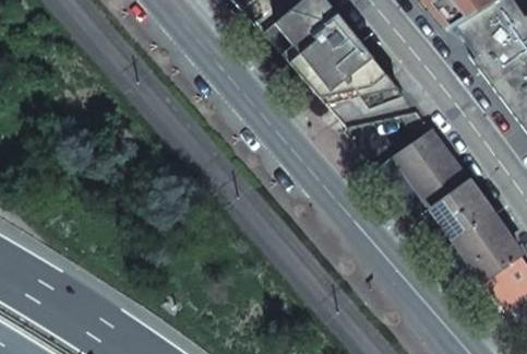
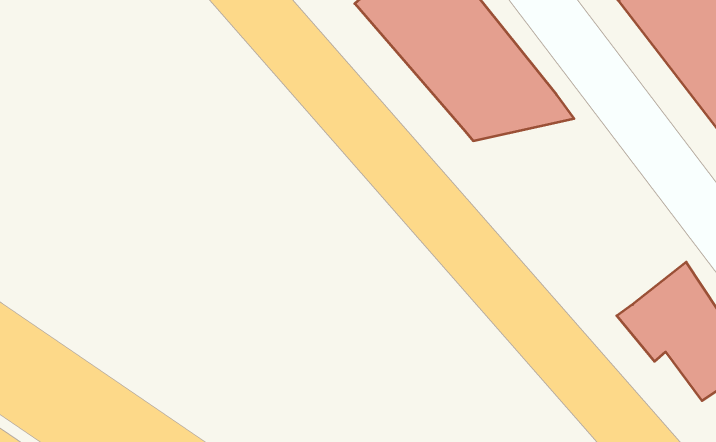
building: [378,128,493,239] -> none

